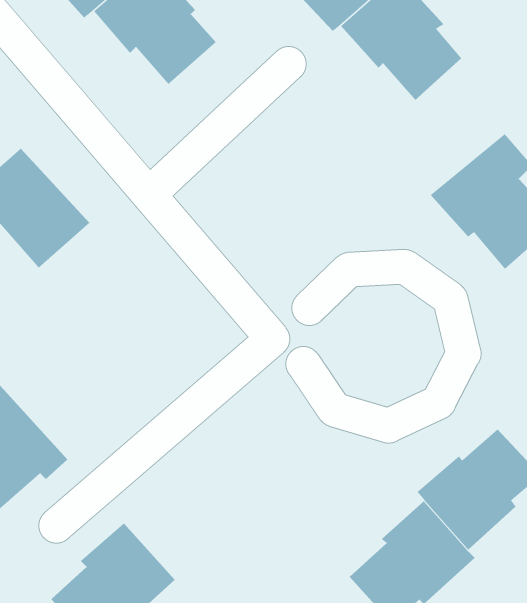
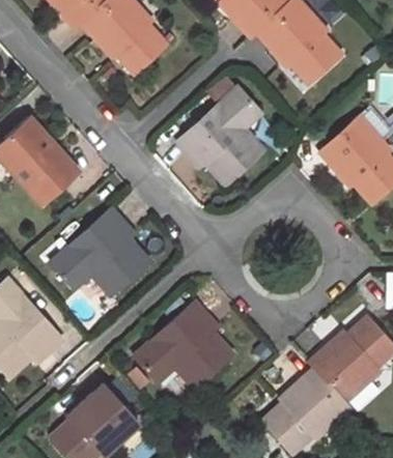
building: none -> [176,85,265,185]
building: none -> [50,206,149,295]
building: none -> [133,300,233,390]

